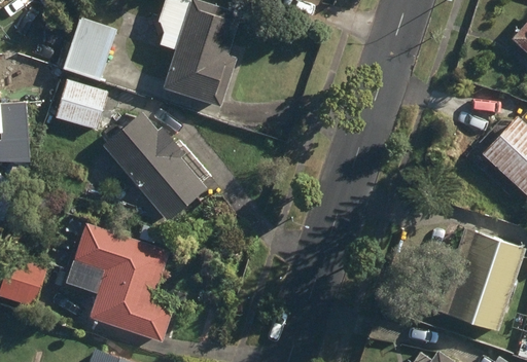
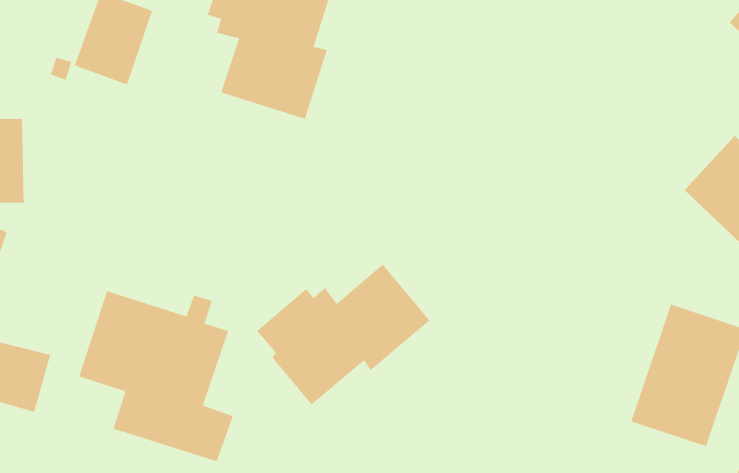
building: [55,79,108,129] -> none
building: [103,112,206,221] -> none
building: none -> [256,263,431,406]

